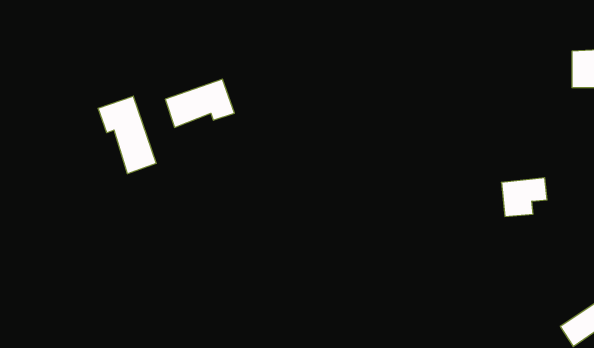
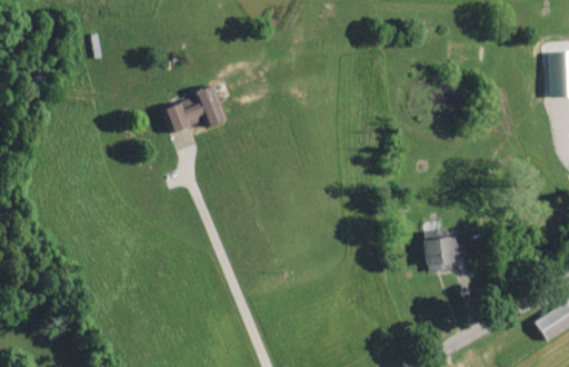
building: [98,96,156,174] -> none
building: [501,178,547,216] -> [425,235,468,271]

